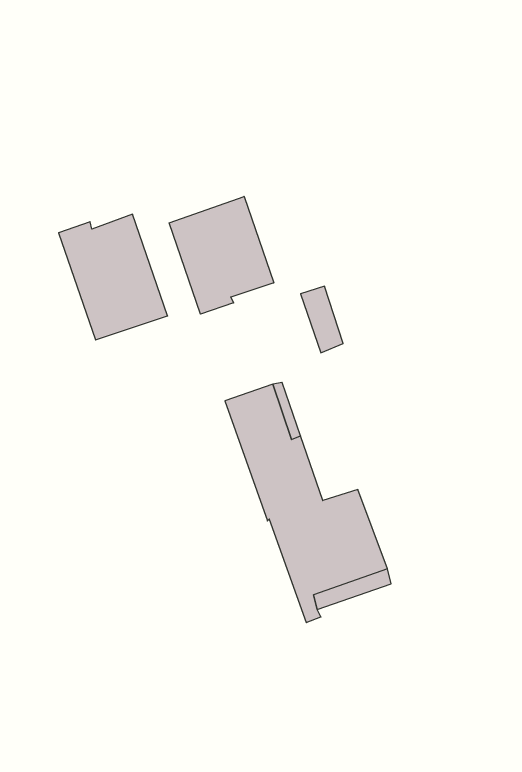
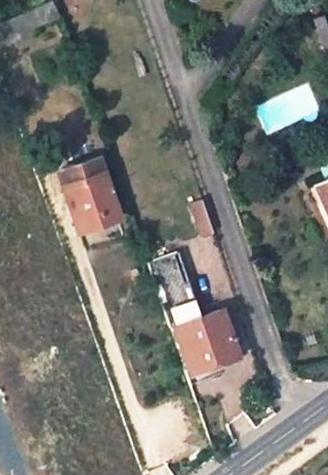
building: [169,196,274,314] -> none

